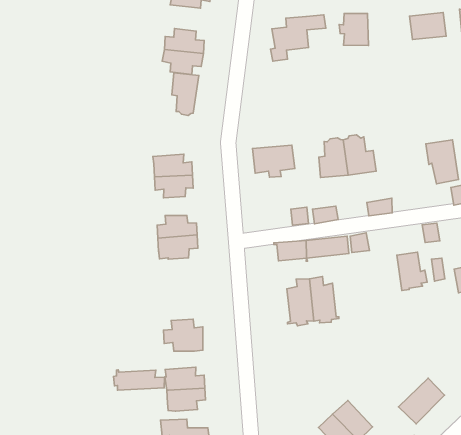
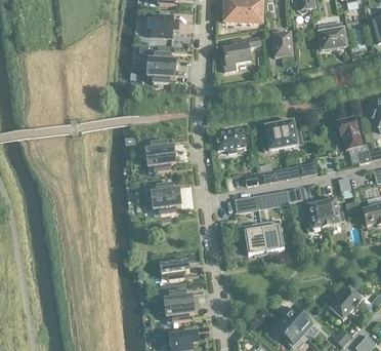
building: [172,73,199,115] -> none
building: none -> [304,201,327,228]
building: [113,370,164,390] -> none

